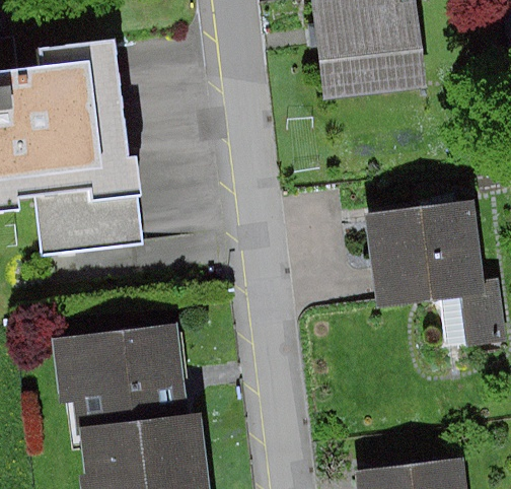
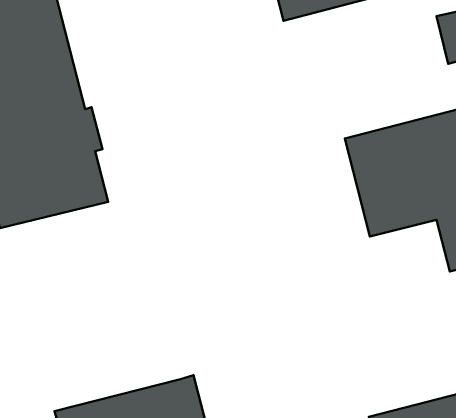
building: [56,322,187,429] -> none

